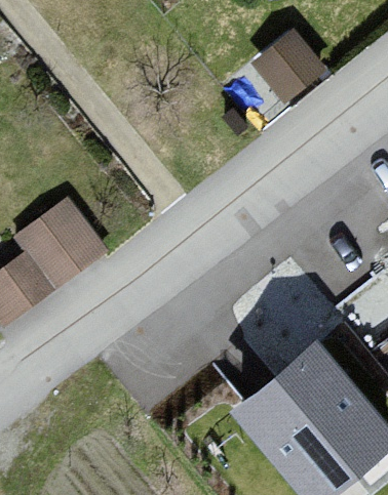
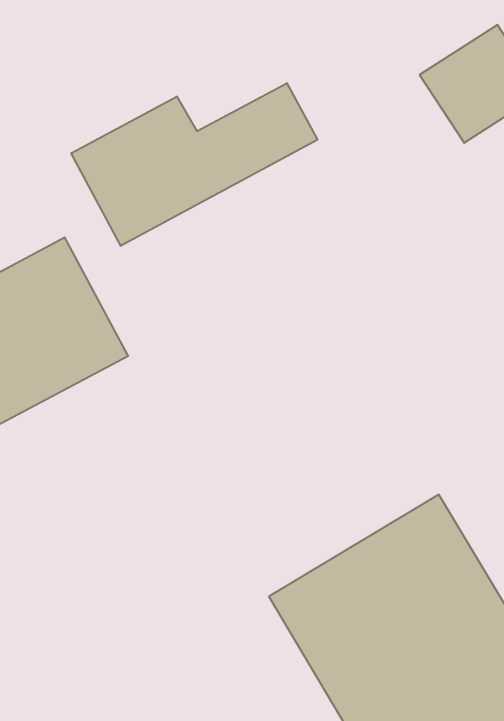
building: none -> [71,83,317,246]

